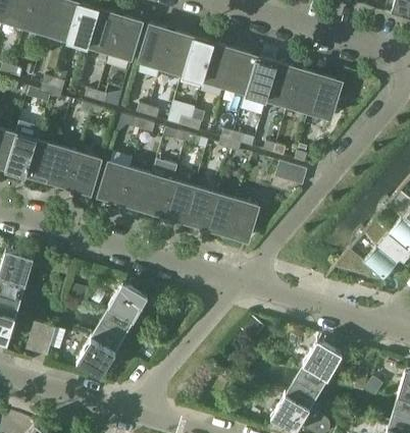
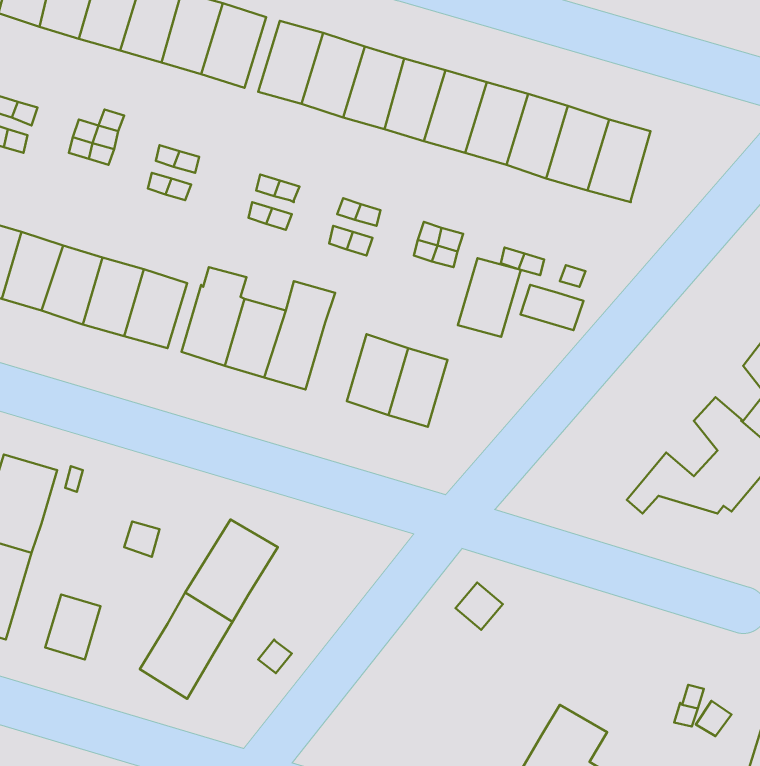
building: [162,181,194,222] -> none
building: [225,201,258,241] -> [458,258,521,337]
building: [294,340,342,393] -> none

